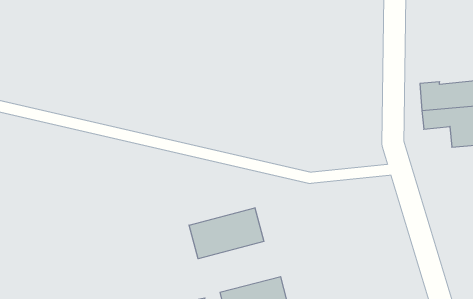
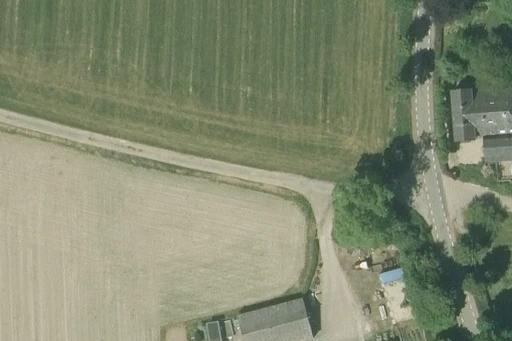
building: [189,208,264,259] -> none

